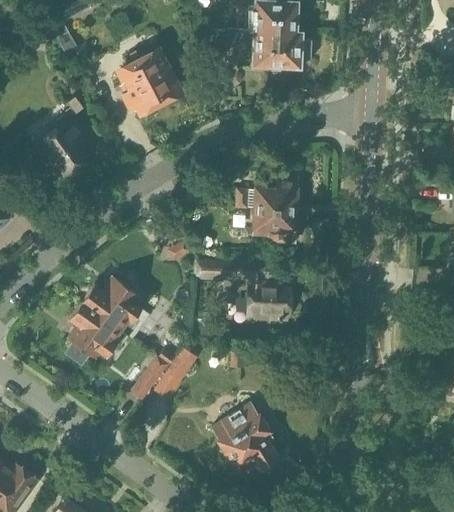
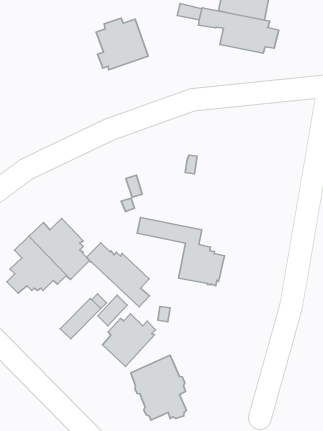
building: [33,98,95,179] -> none
building: [254,178,297,241] -> none
building: none -> [86,243,150,307]
building: none -> [102,314,156,366]

